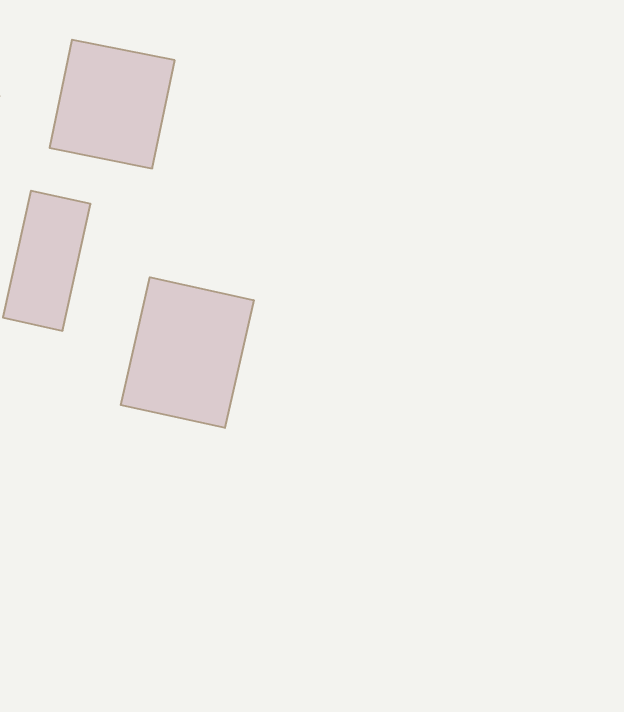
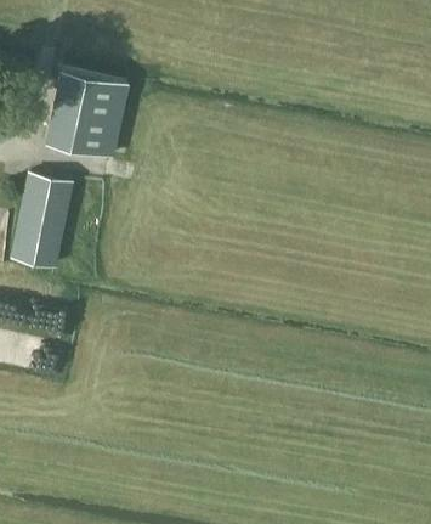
building: [121,277,254,428] -> none

